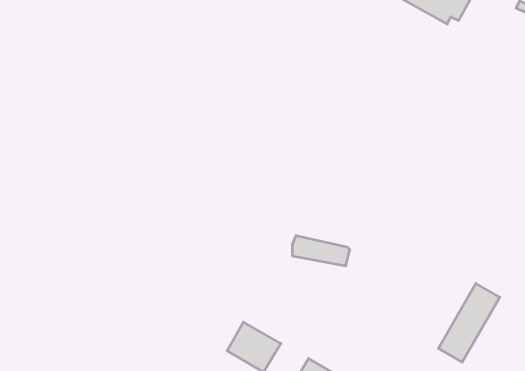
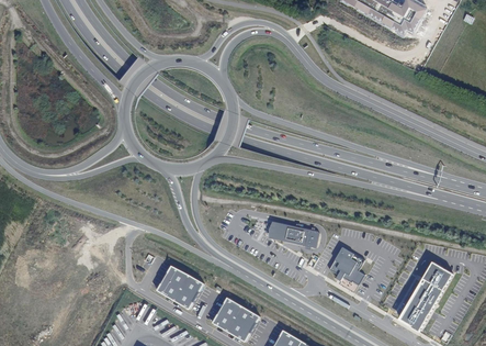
building: none -> [328,246,364,283]
building: none -> [156,264,201,306]

